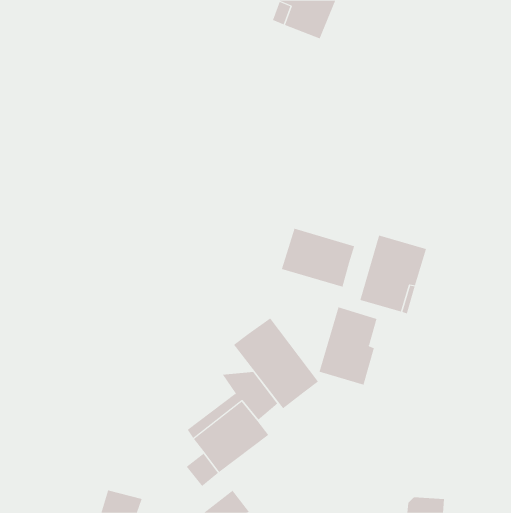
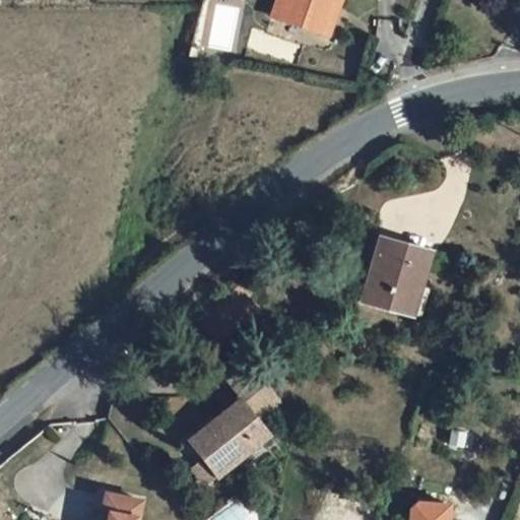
building: [281,228,355,287] -> none
building: [319,307,377,385] -> none
building: [233,318,319,409] -> none

